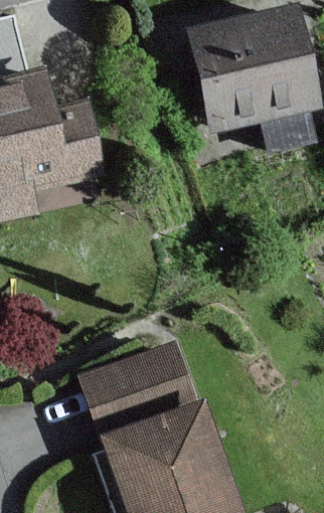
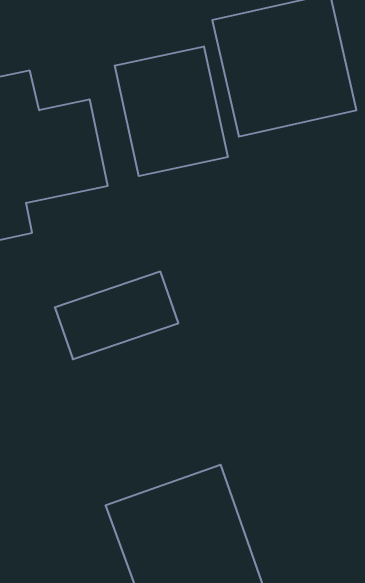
building: none -> [115,46,228,176]
building: [84,346,187,419] -> [55,272,178,359]

